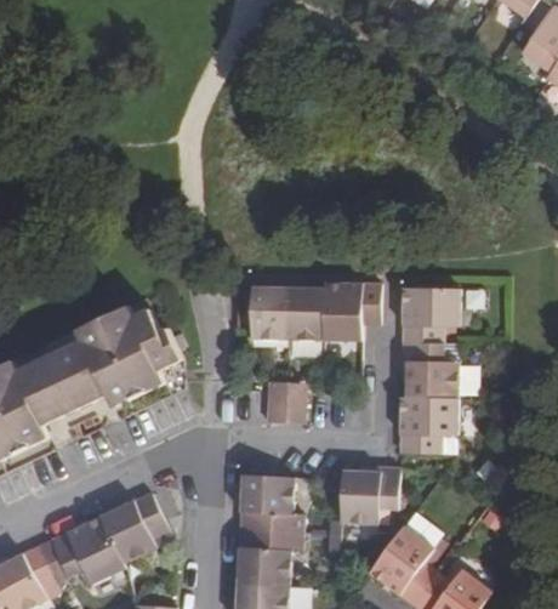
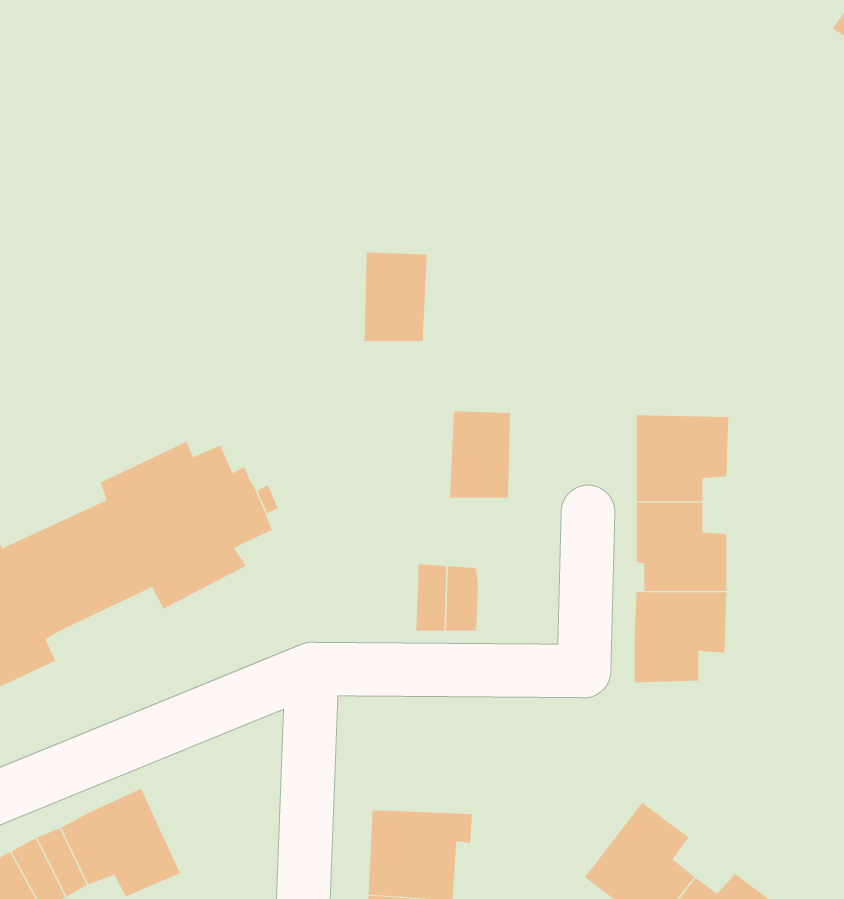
building: [324,281,381,341] -> none
building: [251,285,290,340] -> [364,252,427,342]
building: [342,465,402,524] -> none
building: [240,473,302,533] -> none
building: [99,494,166,564] -> none

